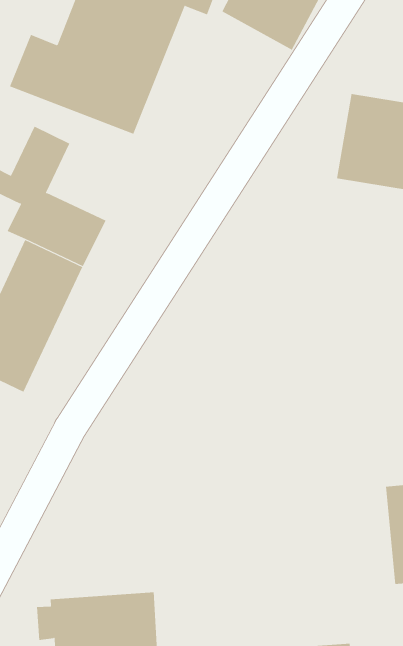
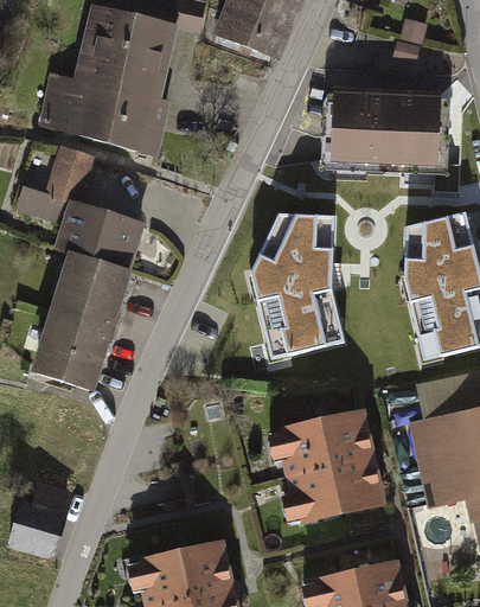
building: none -> [254,218,347,360]
building: none -> [268,408,389,528]

